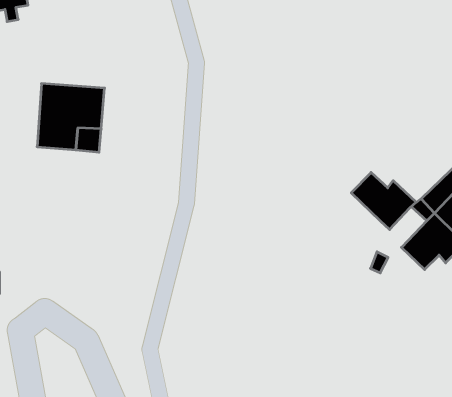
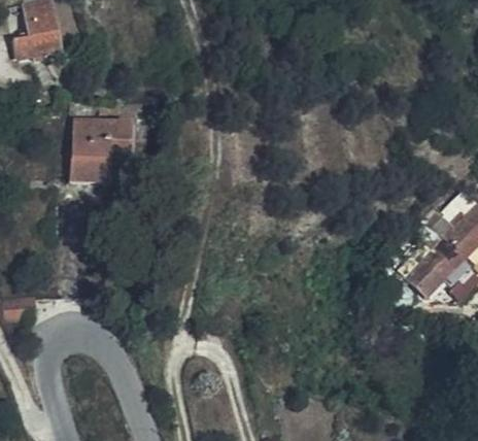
building: [351,172,416,230] -> none

